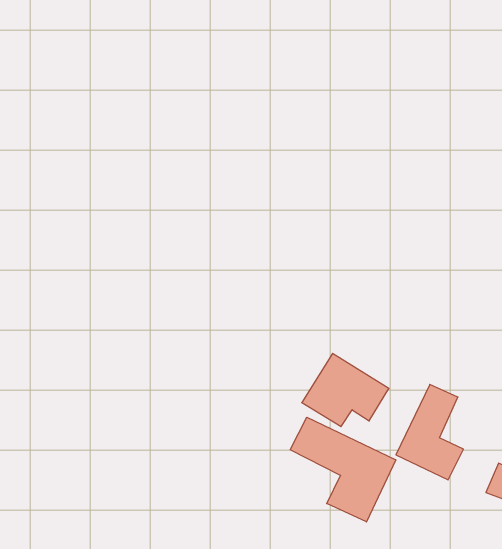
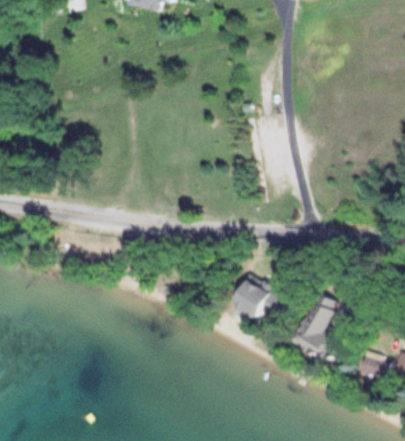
building: [290,417,396,522] -> none

